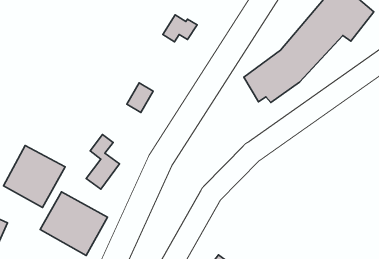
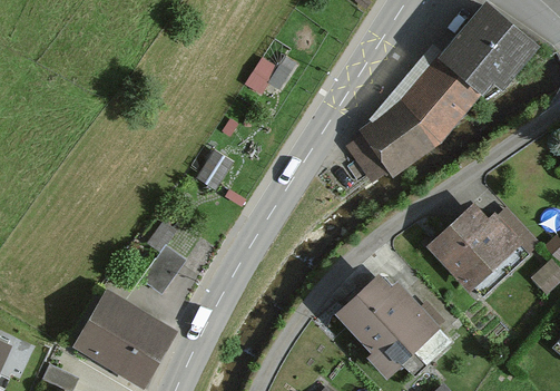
building: none -> [423,206,514,287]
building: [3,145,65,208] -> none
building: none -> [338,283,441,371]

